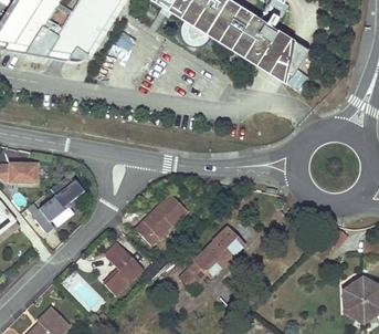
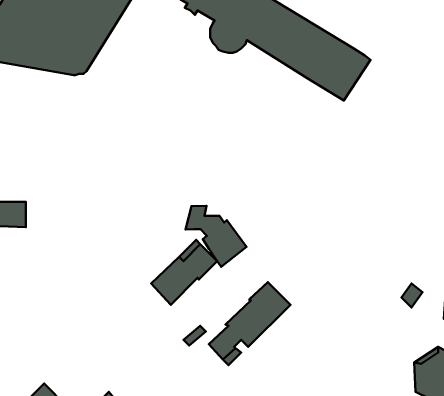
building: none -> [185,206,247,267]
building: [39,176,84,221] -> none
building: [105,241,144,294] -> none

